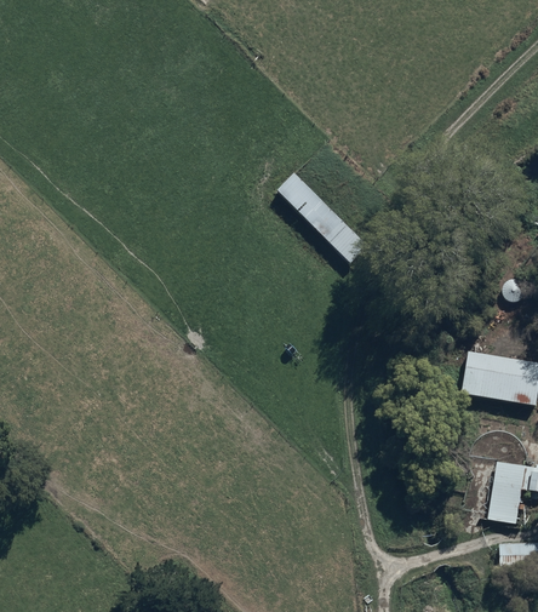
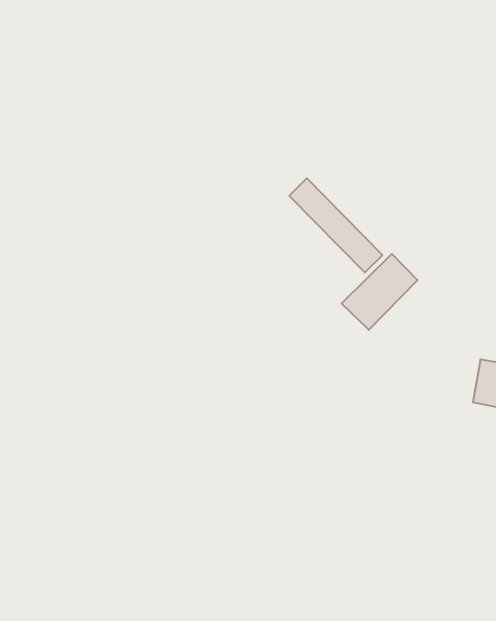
building: none -> [342,254,418,330]

